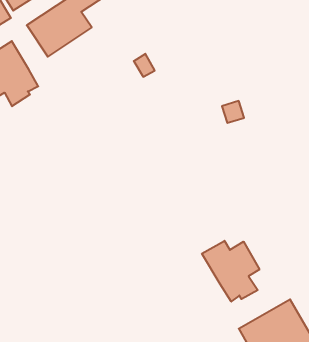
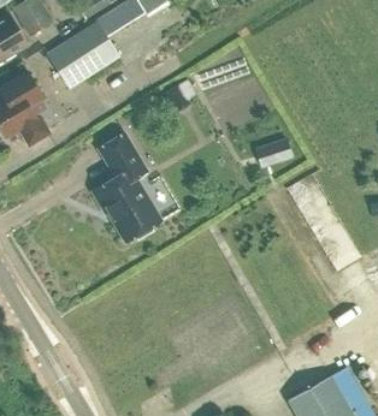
building: none -> [91,133,161,243]
building: [202,241,259,302] -> none

